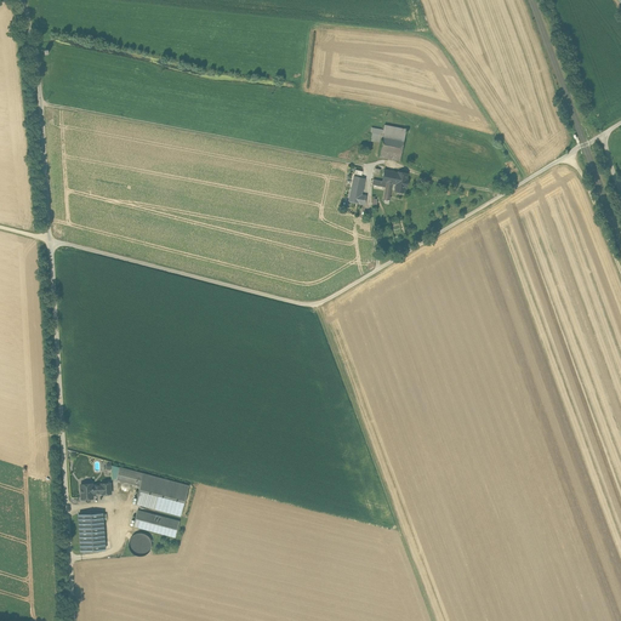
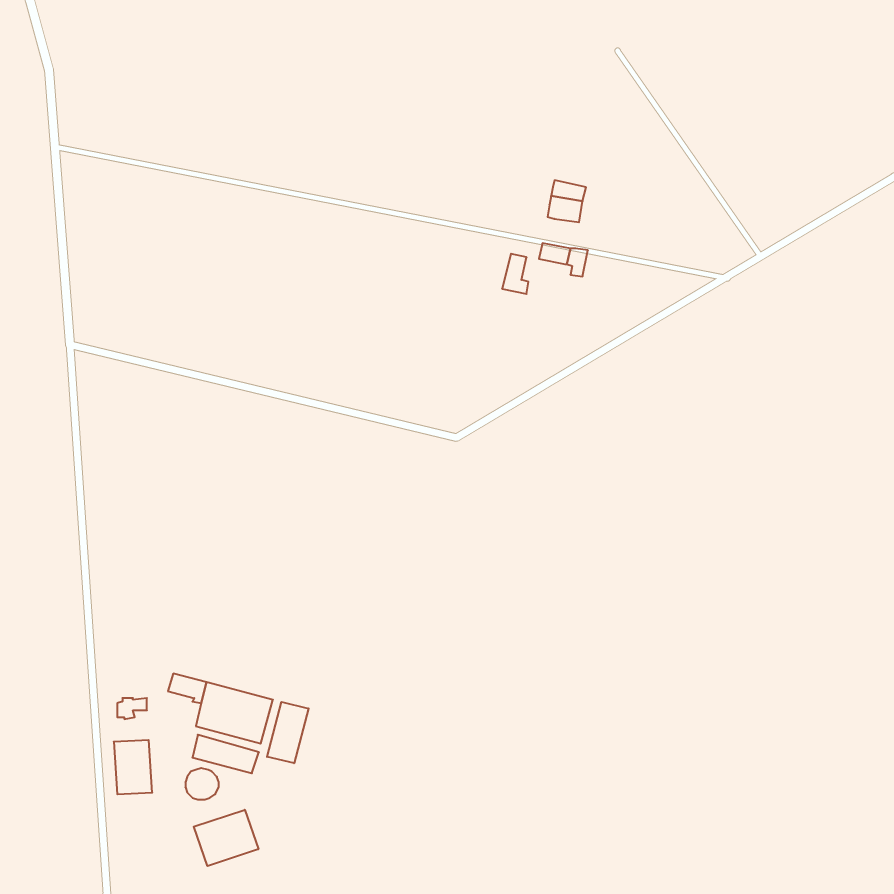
building: none -> [267,702,309,763]
building: none -> [194,810,258,866]

